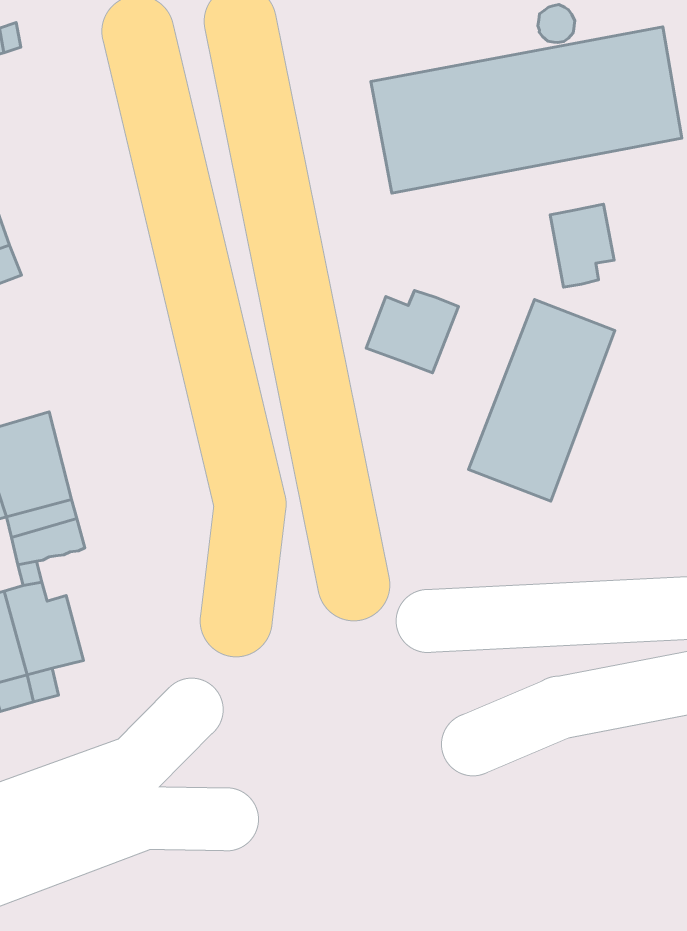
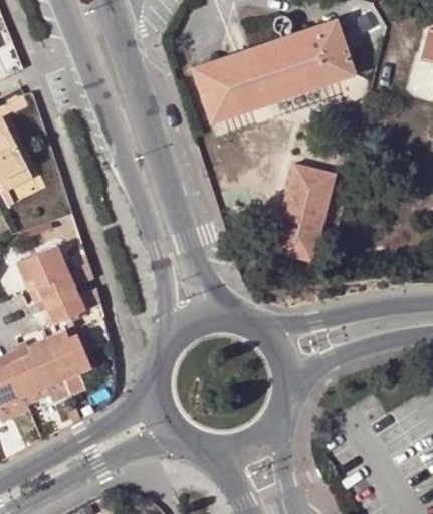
building: [550,204,614,287] -> none
building: [366,291,458,373] -> none

